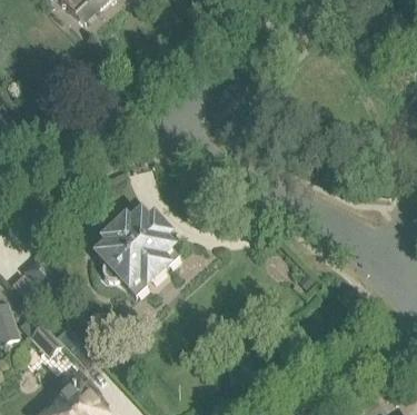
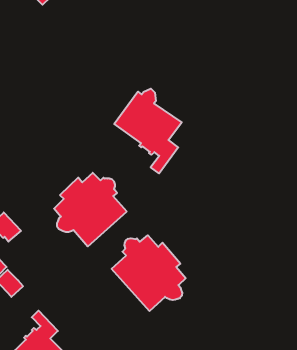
building: none -> [114,89,182,173]
building: none -> [112,235,186,311]

